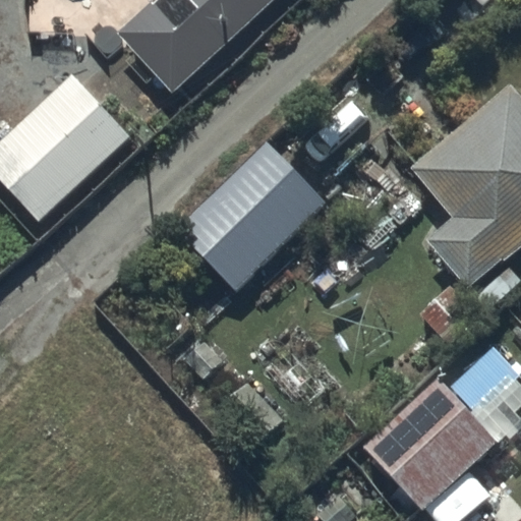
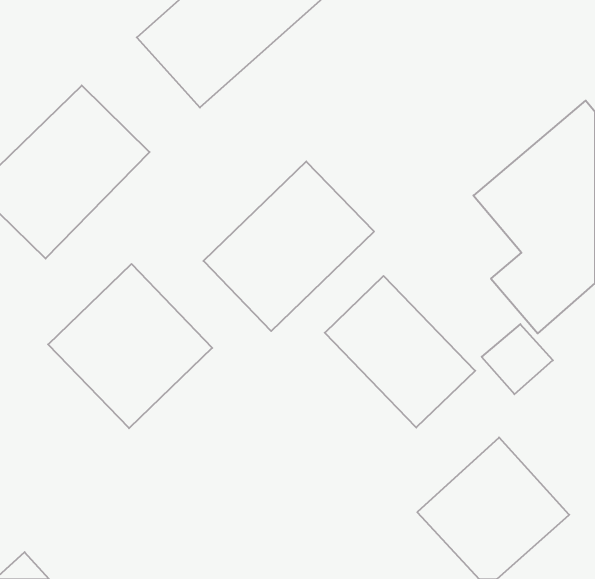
building: none -> [48,264,212,428]
building: none -> [325,276,475,428]

